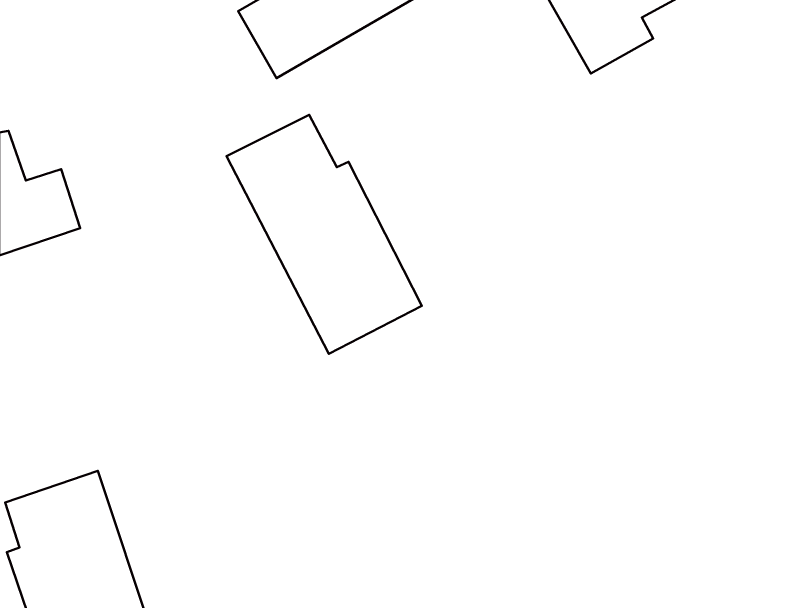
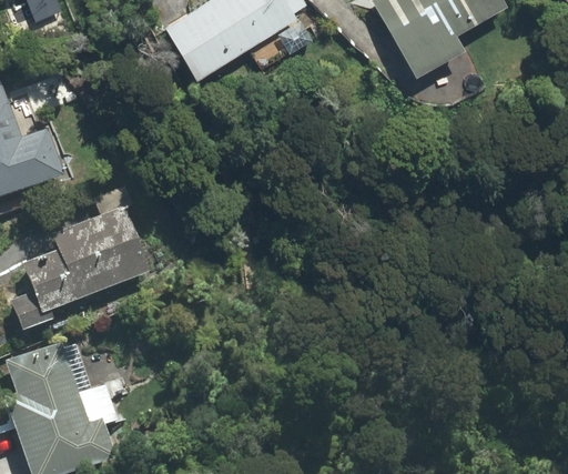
building: [226,115,422,354] -> none
building: none -> [11,214,142,332]

